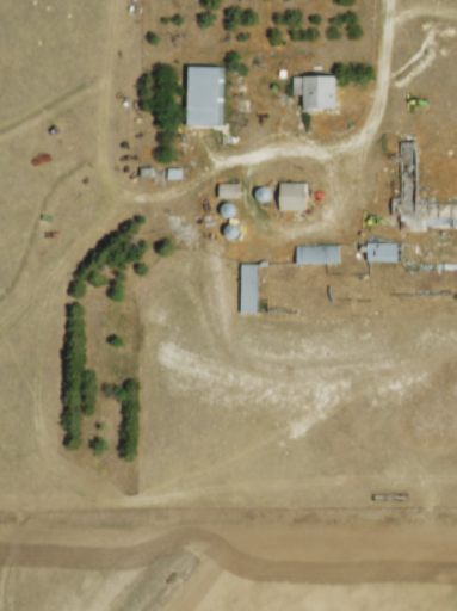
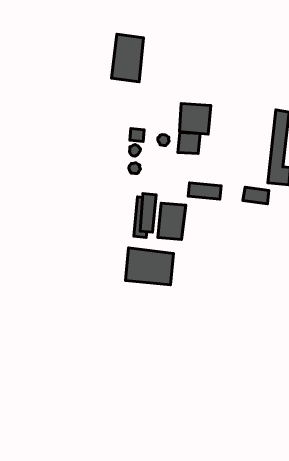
building: [297,75,334,111] -> [179,104,211,134]
building: none -> [158,203,186,240]
building: none -> [126,248,173,285]

